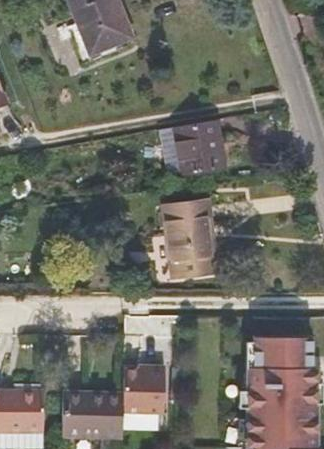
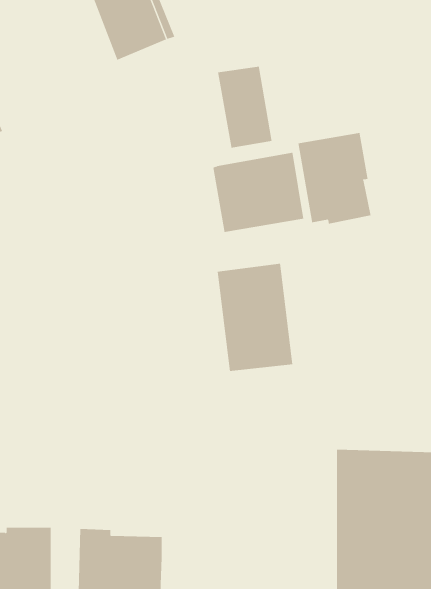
building: none -> [218,66,272,149]
building: none -> [298,132,371,225]
building: [123,366,165,412] -> none

